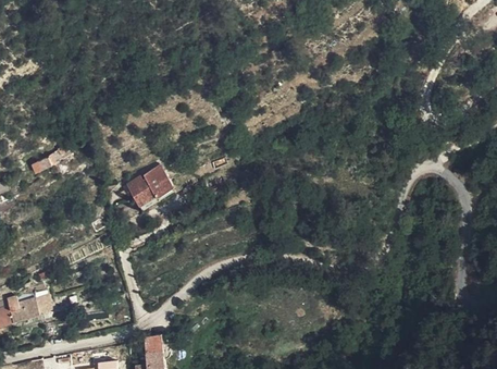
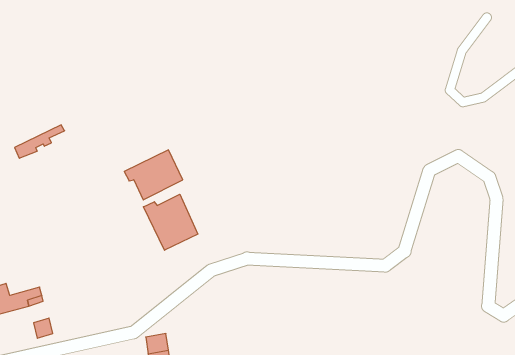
building: none -> [143,194,198,250]

